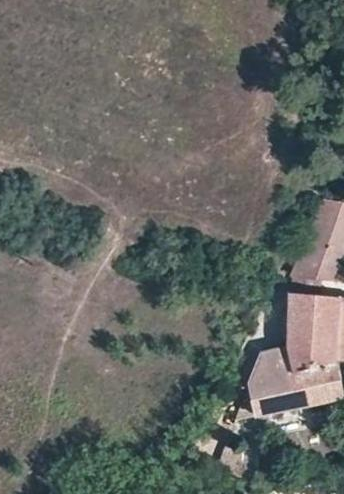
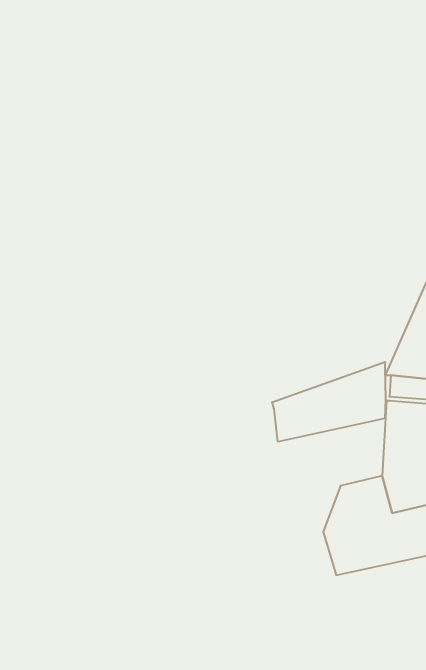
building: none -> [272,362,386,442]

